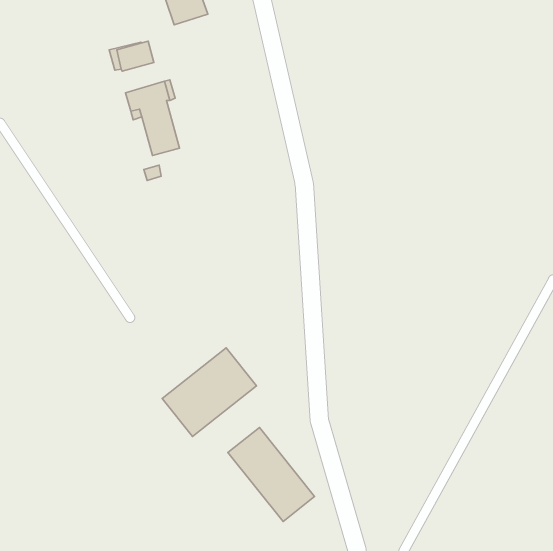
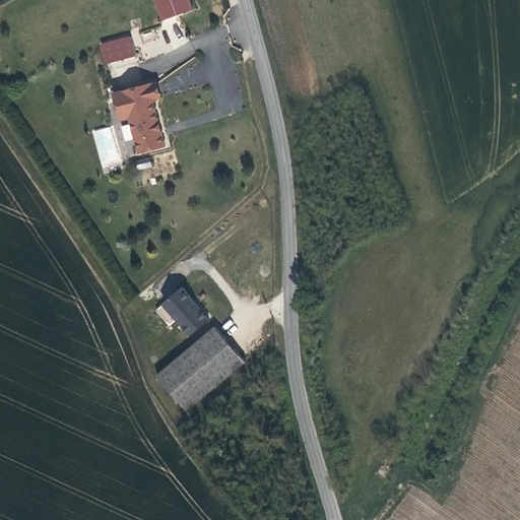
building: none -> [158,290,205,335]
building: [228,428,315,522] -> none

